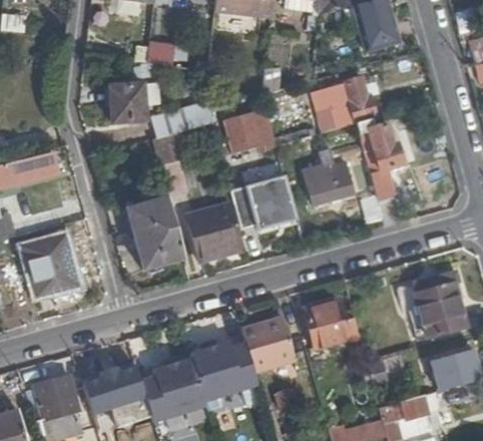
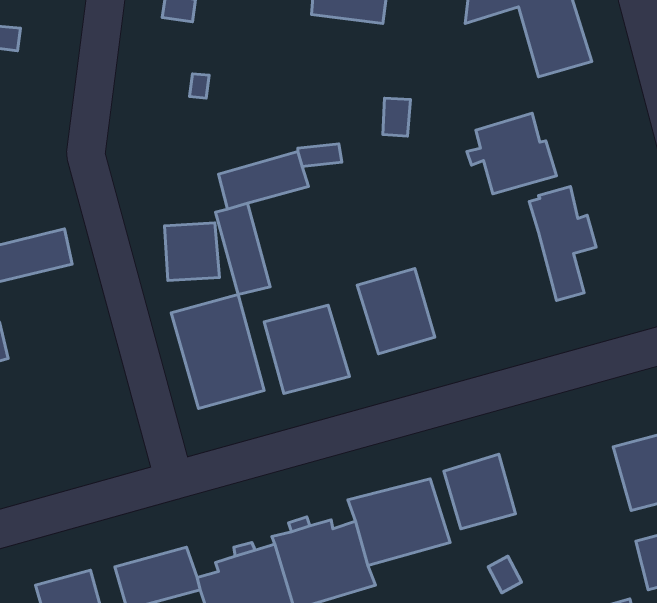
building: [109,83,145,121] -> [165,223,219,281]
building: [225,108,278,151] -> none
building: [301,153,374,204] -> none
building: [24,238,75,296] -> none

